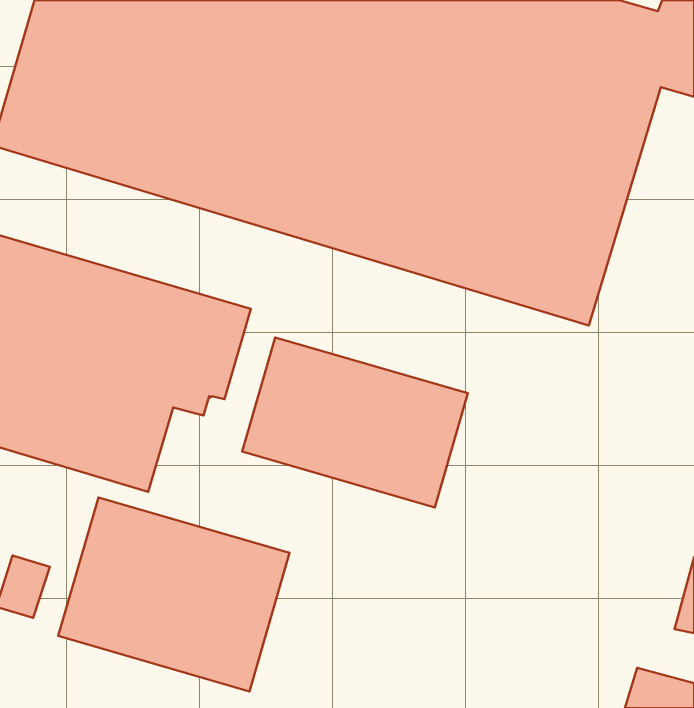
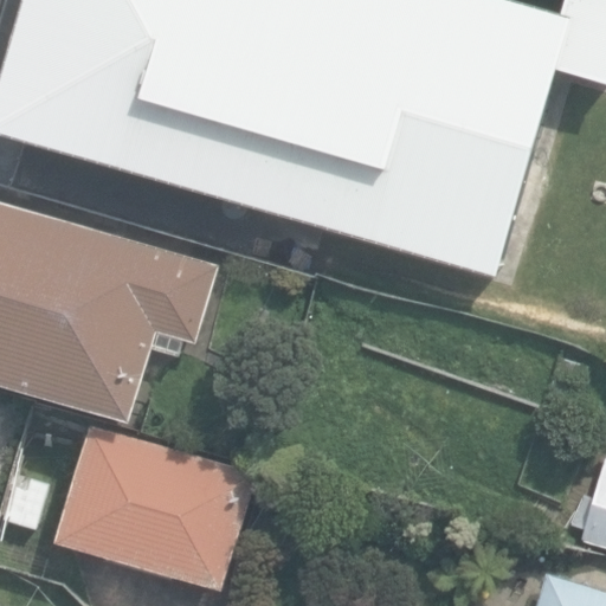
building: [242,337,468,507] -> none

